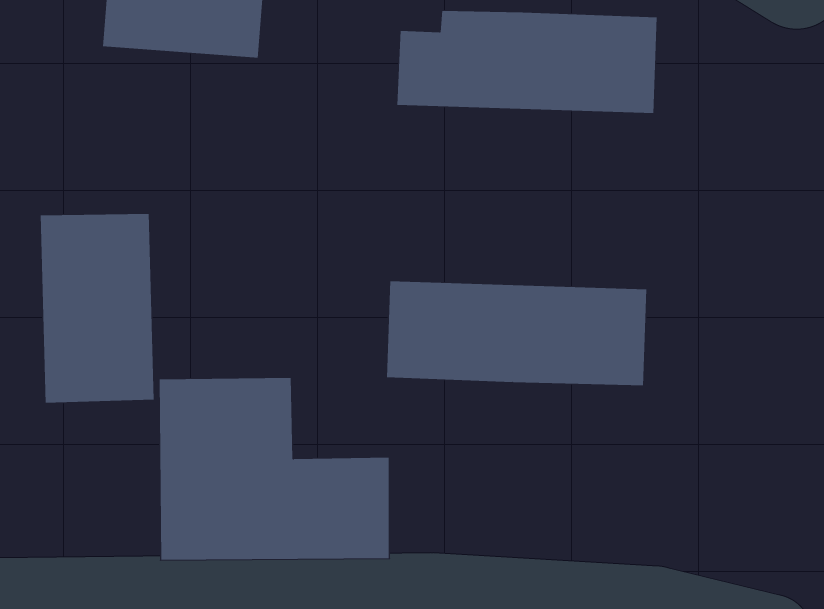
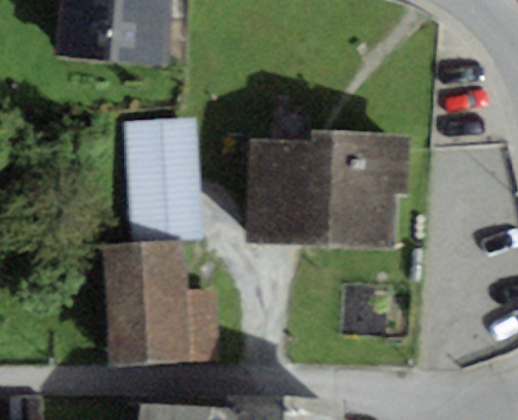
building: [397,10,657,114] -> [244,128,405,192]
building: [40,214,155,403] -> [134,122,205,239]

